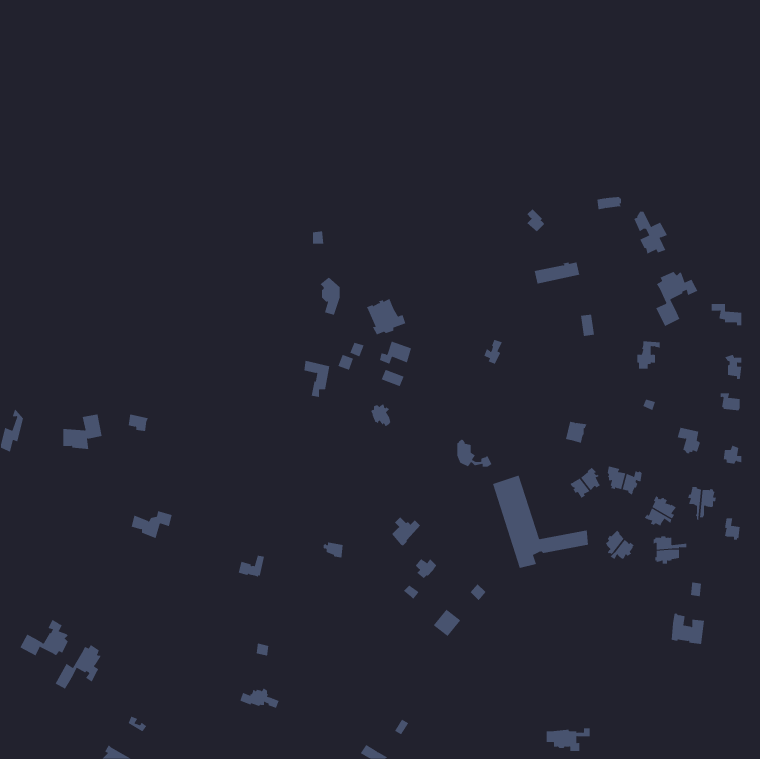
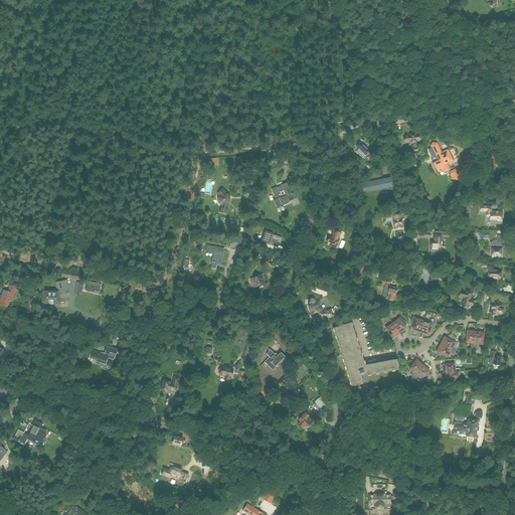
building: [655,271,698,327] -> none
building: [366,298,406,335] -> [270,180,297,205]
building: [55,644,101,690] -> none

